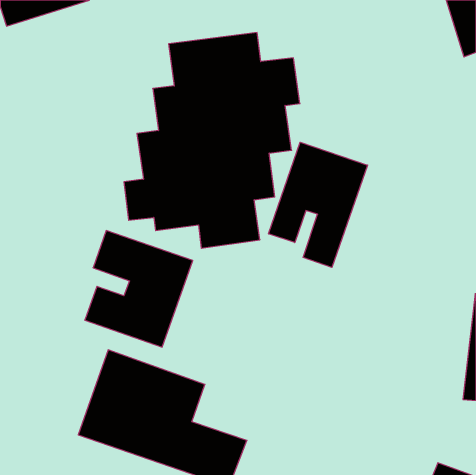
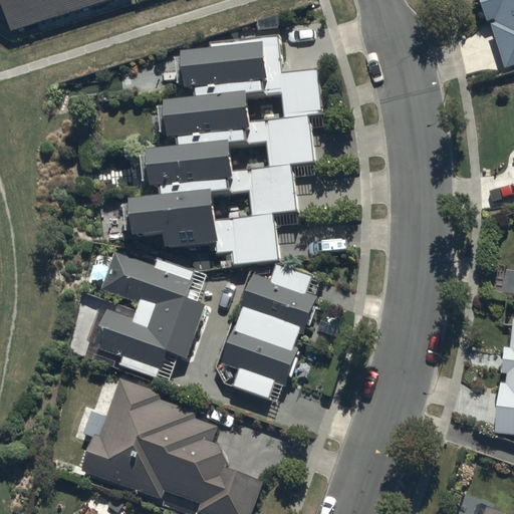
building: [269,142,368,267] -> none
building: none -> [217,263,324,400]

